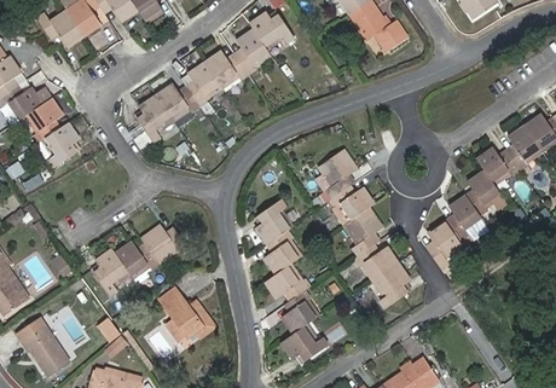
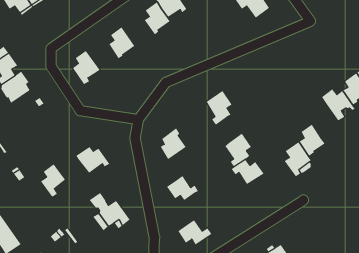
building: [204,51,249,88] -> none
building: [156,83,199,121] -> none
building: [464,169,509,215] -> none
building: [330,184,373,220] -> none
building: [265,230,301,273] -> none
building: [115,241,160,276] -> none
building: [375,262,410,308] -> none
building: [282,289,318,332] -> none

